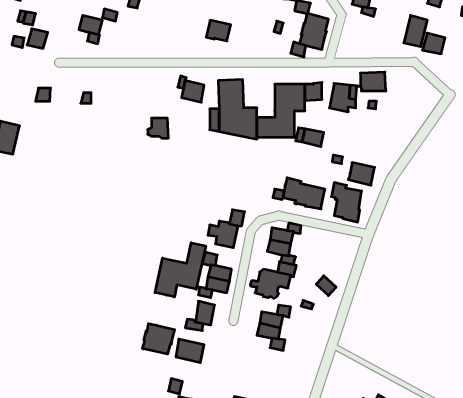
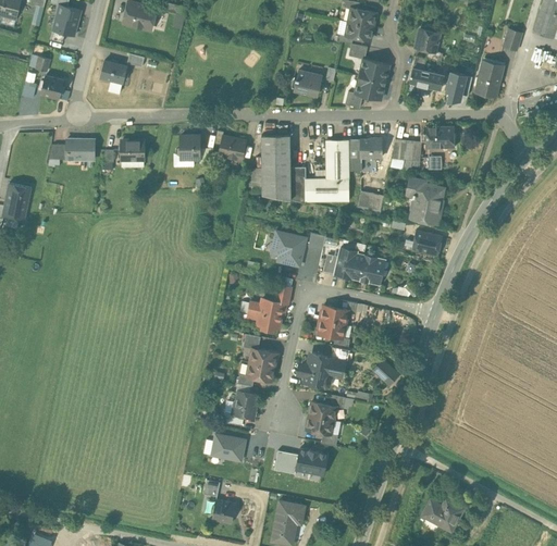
building: none -> [409,57,444,90]
building: [206,20,231,41] -> [294,71,322,95]
building: [422,33,445,54] -> [446,72,472,96]
building: none -> [66,139,95,160]
building: none -> [121,140,144,160]
building: [148,118,168,138] -> [176,136,200,159]
building: none -> [274,232,306,265]
building: [331,183,362,222] -> [408,178,443,224]
building: [155,243,206,297] -> none
building: [142,324,175,354] -> none
building: none -> [276,447,333,476]

